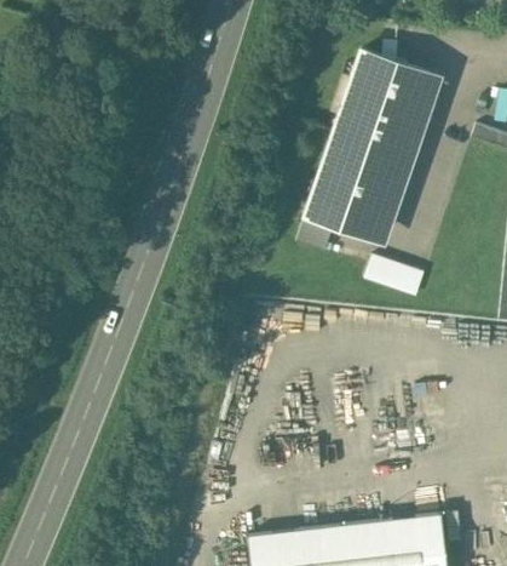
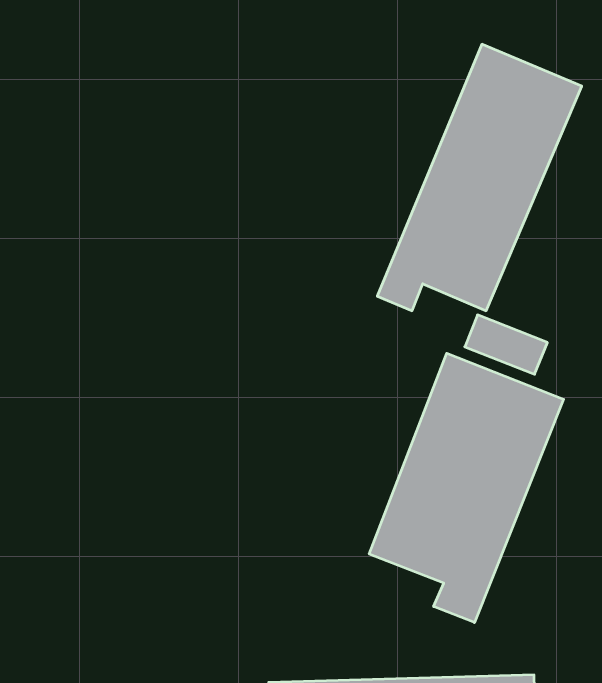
building: none -> [369,353,564,623]

